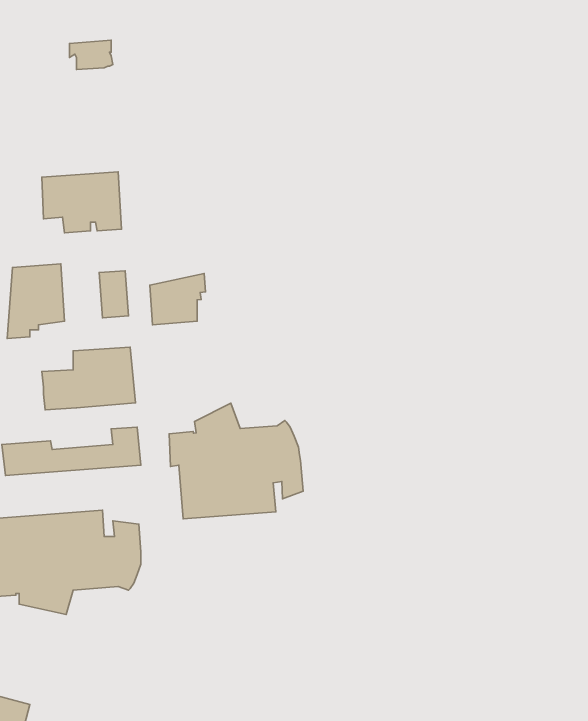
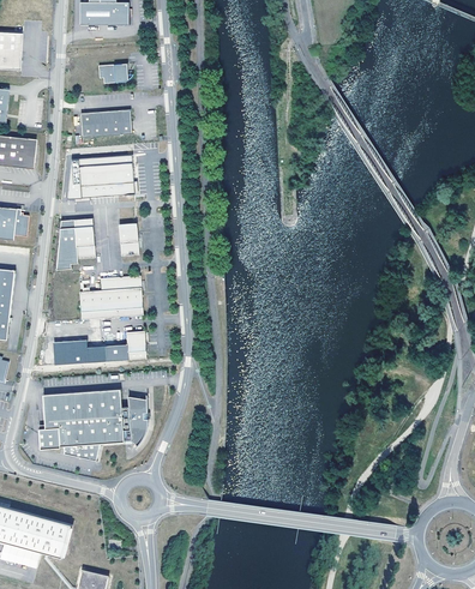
building: none -> [78,110,130,137]
building: [150,273,205,325] -> none
building: [169,403,303,519] -> none

